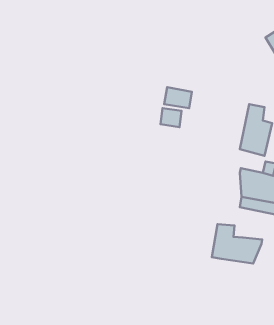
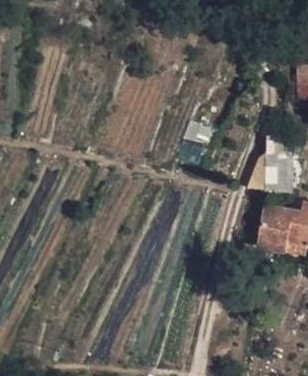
building: [212,224,262,263] -> none

